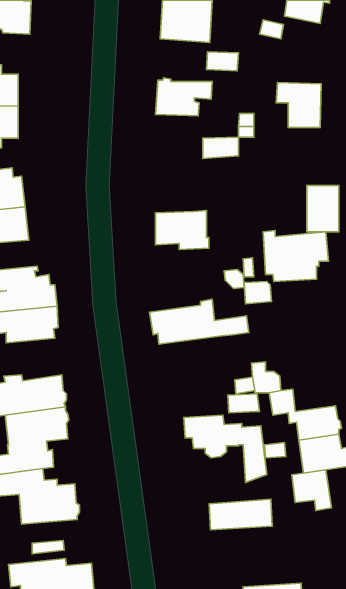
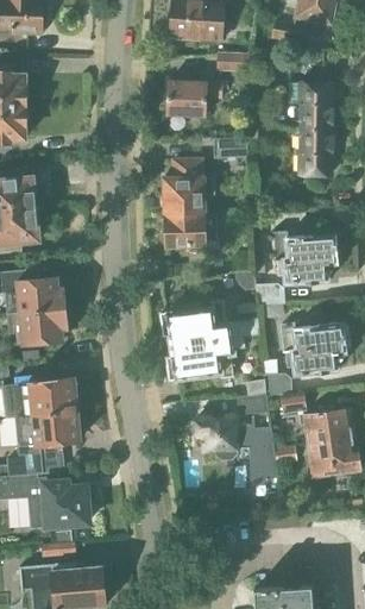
building: none -> [165,161,214,214]
building: [307,186,339,232] -> [300,128,332,175]
building: none -> [282,322,348,375]
building: none -> [166,337,245,381]
building: [292,470,331,511] -> none
building: [209,499,272,530] -> none

